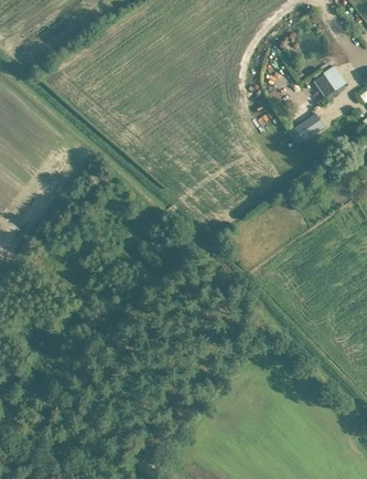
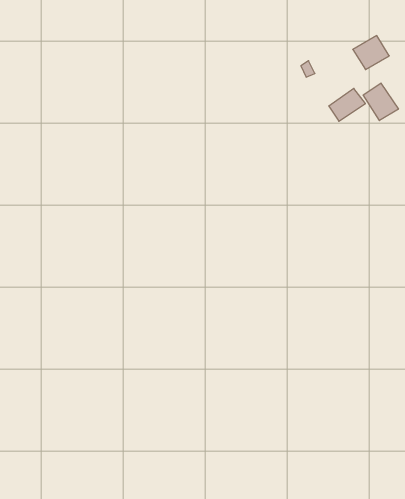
building: none -> [363,83,398,121]

